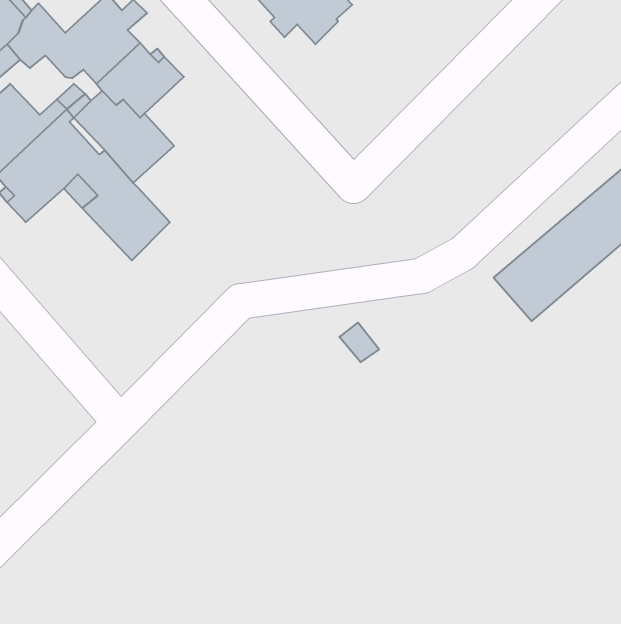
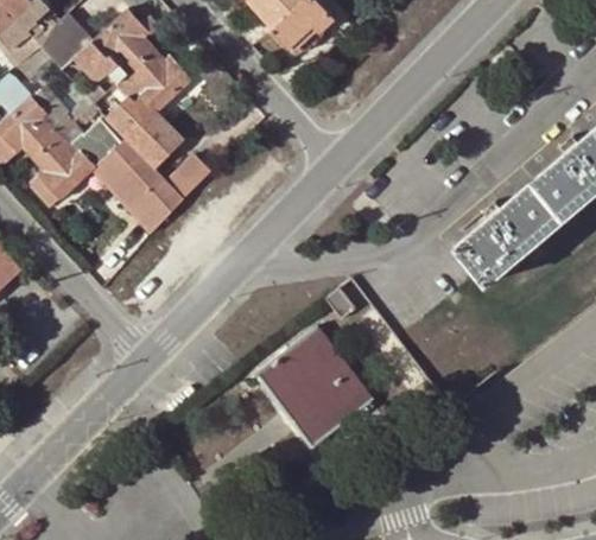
building: none -> [156,153,210,201]
building: none -> [258,326,372,444]

